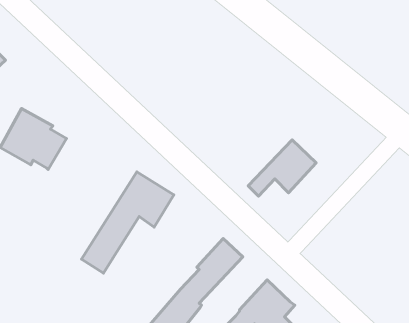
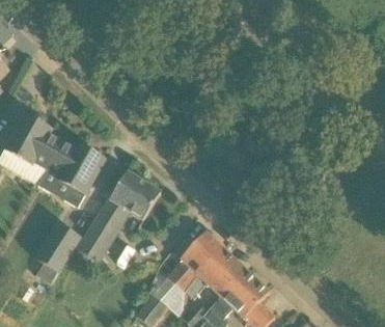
building: none -> [36,140,104,207]
building: [248,140,316,196] -> [183,247,244,298]
building: none -> [35,223,80,283]

